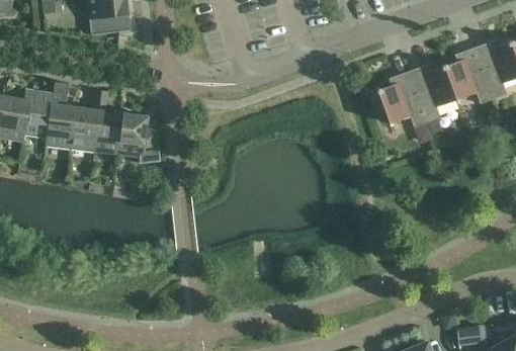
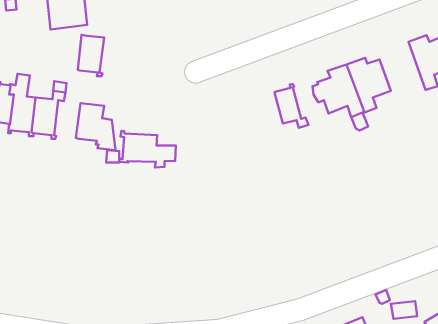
building: [444,48,494,104] -> none
building: none -> [275,84,308,128]
building: [95,110,123,155] -> [78,35,104,76]
building: none -> [119,131,176,167]

